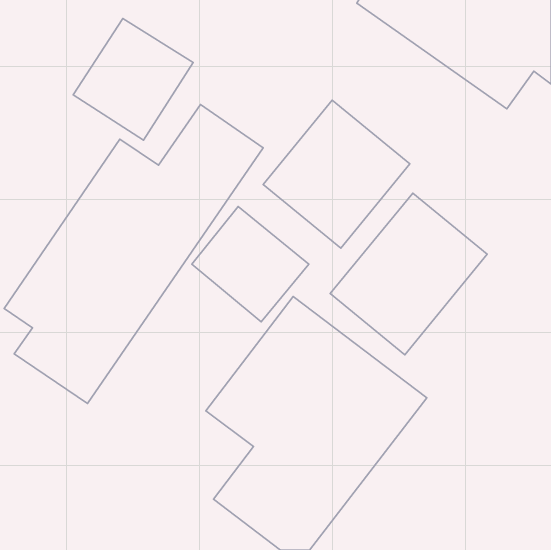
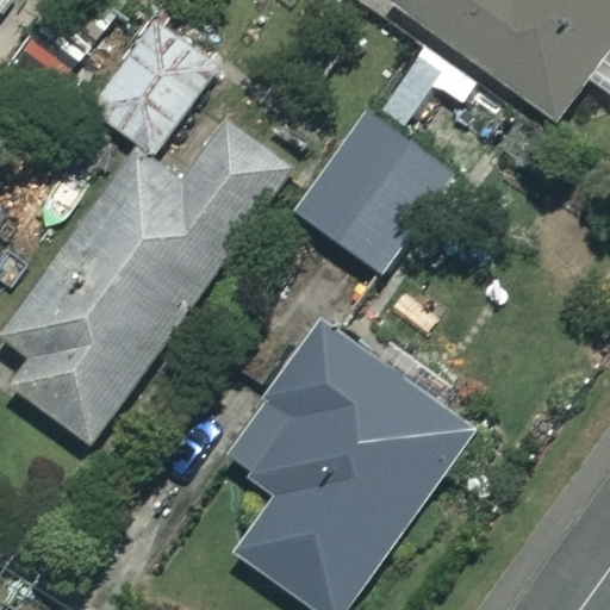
building: [330,193,487,355] -> none
building: [192,207,309,322] -> none

